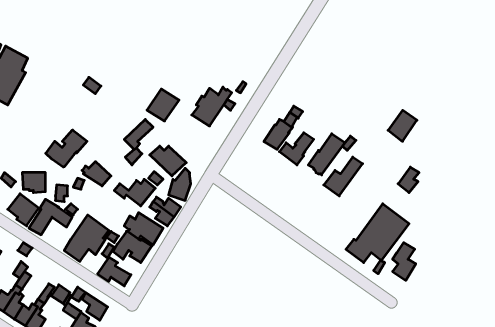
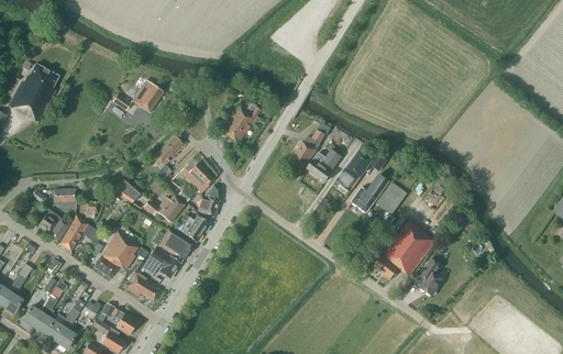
building: [147,89,179,121] -> [131,80,163,112]
building: [388,110,417,141] -> [379,179,408,210]
building: [46,130,87,167] -> none

